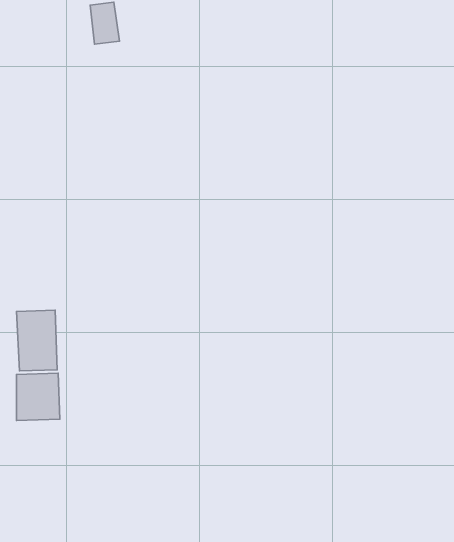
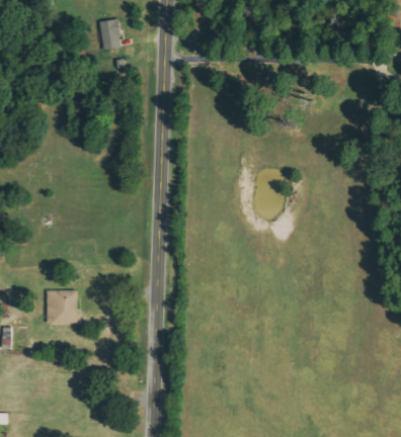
building: [17,310,57,371] -> none

